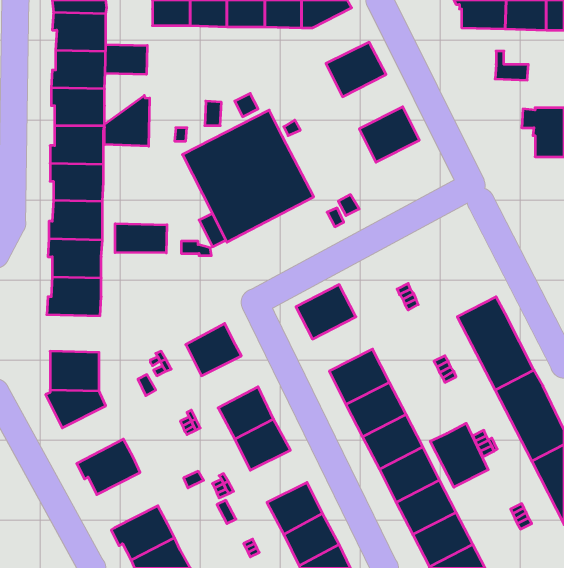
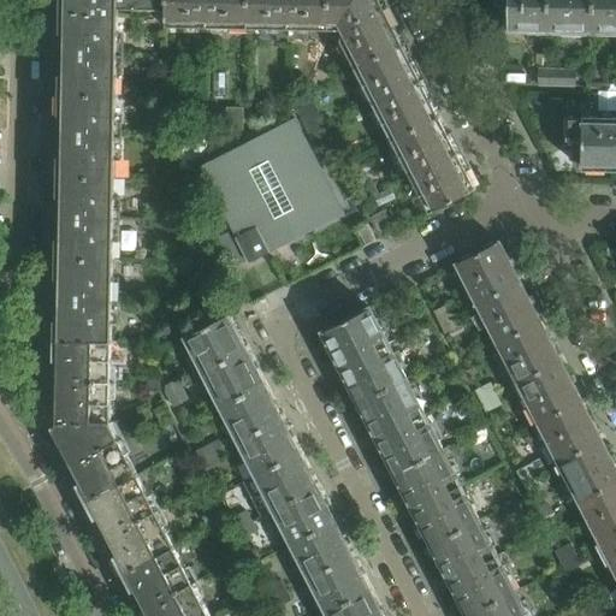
building: none -> [338,8,399,69]
building: [105,45,147,74] -> none
building: none -> [371,81,436,140]
building: [105,95,150,146] -> none
building: none -> [407,152,473,213]
building: none -> [454,242,537,343]
building: [115,224,167,253] -> none
building: none -> [183,315,243,373]
building: none -> [51,340,108,381]
building: none -> [338,343,403,402]
building: none -> [218,385,279,442]
building: none -> [67,439,134,502]
building: [430,423,488,487] -> none
building: none -> [271,487,332,544]
building: none -> [105,511,171,574]

